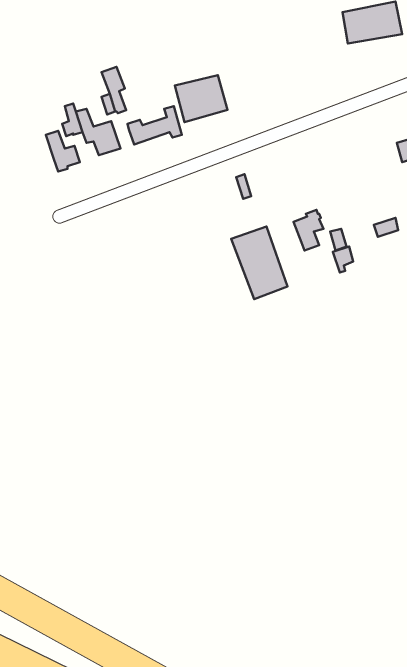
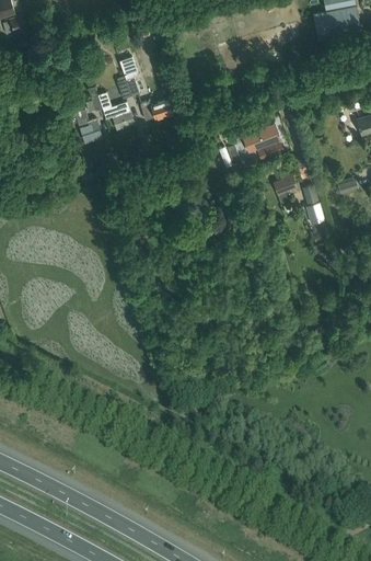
building: [175,75,228,122] -> none
building: none -> [243,124,280,152]
building: [231,227,288,299] -> none

